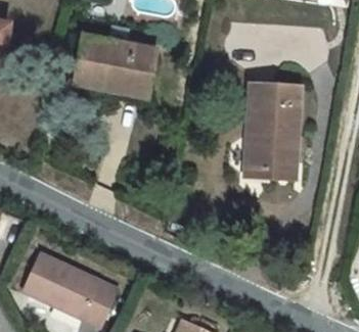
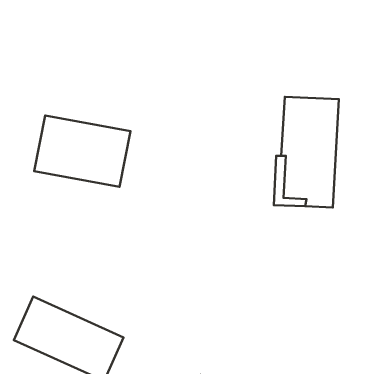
building: [74,36,155,96] -> [34,116,130,187]

